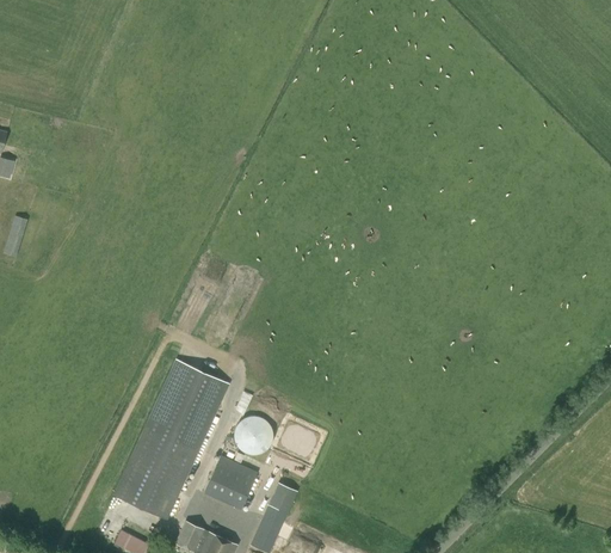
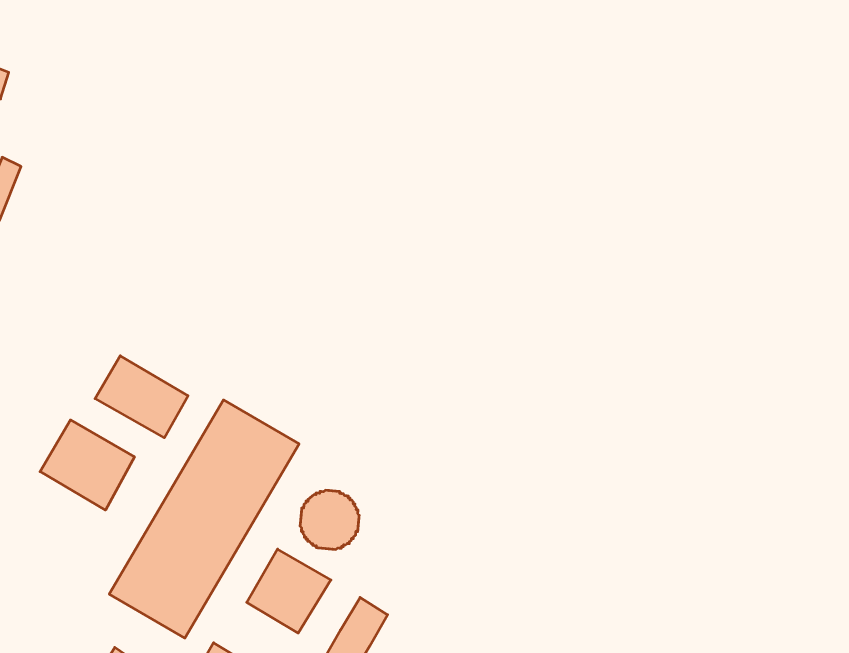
building: none -> [95,356,188,438]
building: none -> [40,420,134,510]

